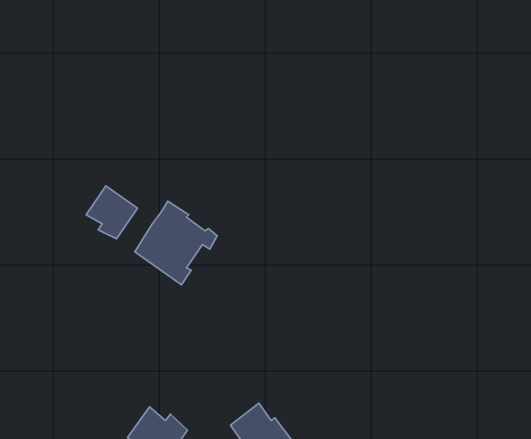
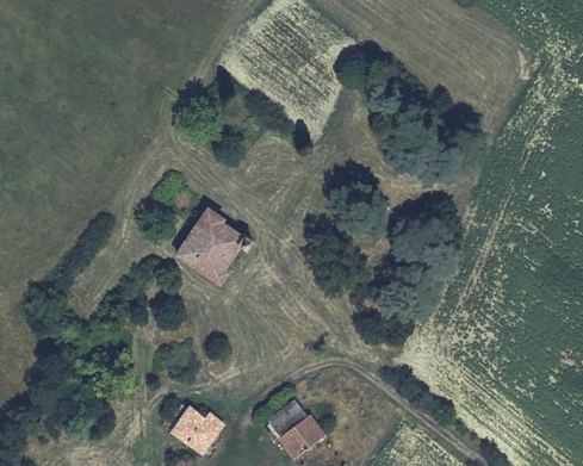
building: [86,186,138,239] -> none

